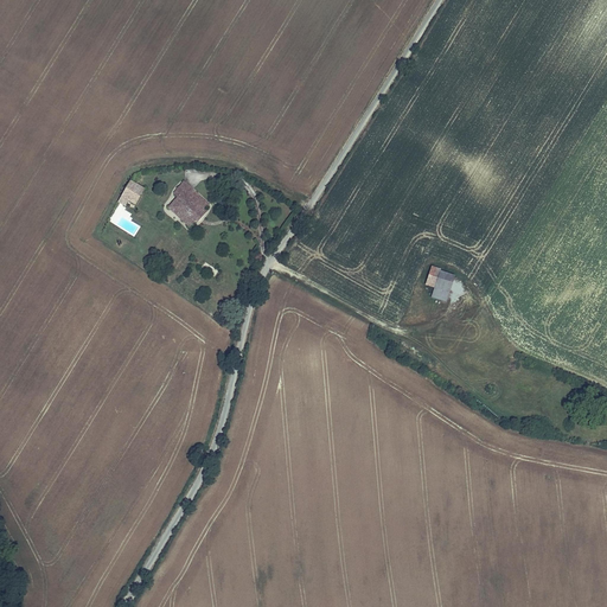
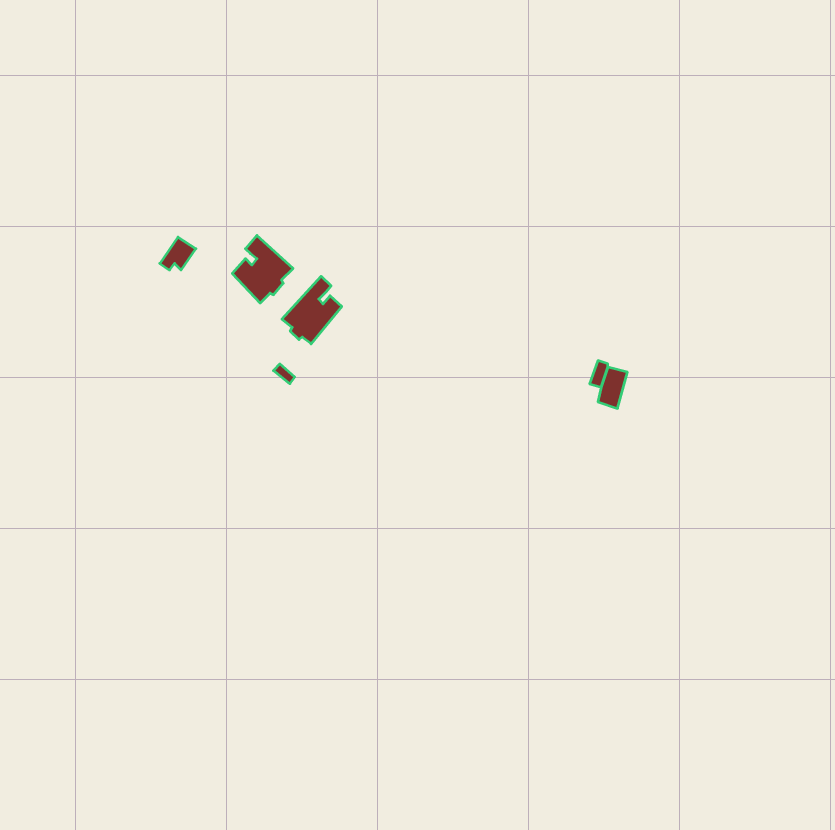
building: none -> [282,276,342,344]

